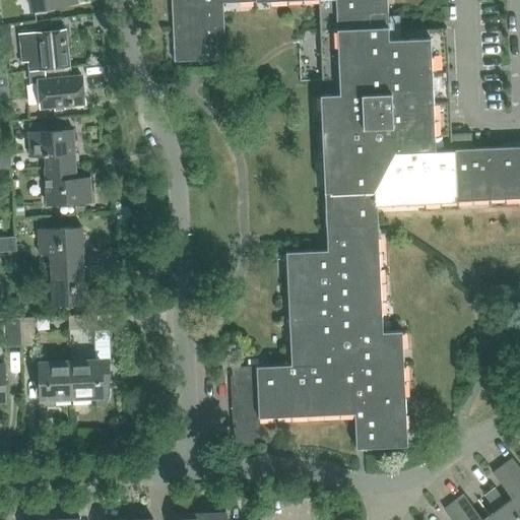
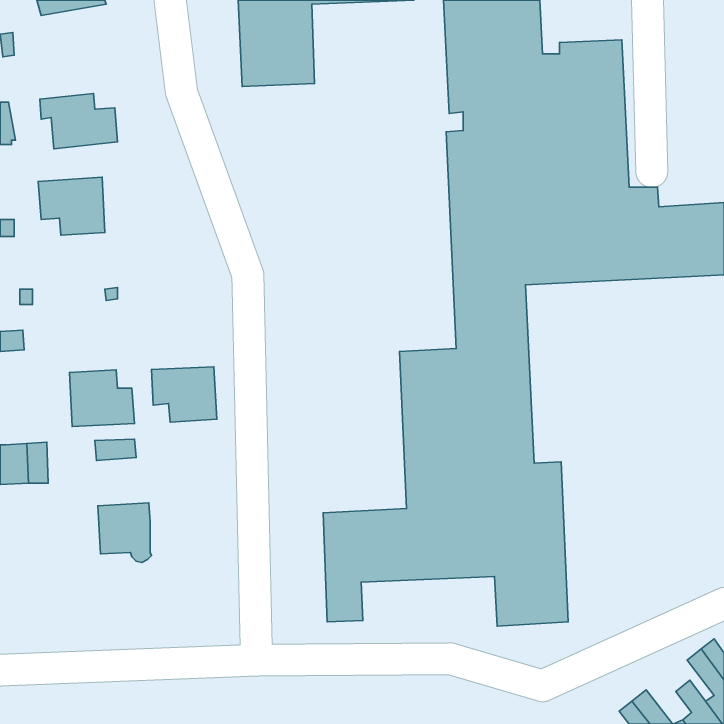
building: [18,30,67,71] -> none
building: [44,167,91,205] -> none
building: [37,228,83,267] -> [152,367,217,422]
building: [32,363,72,399] -> none

